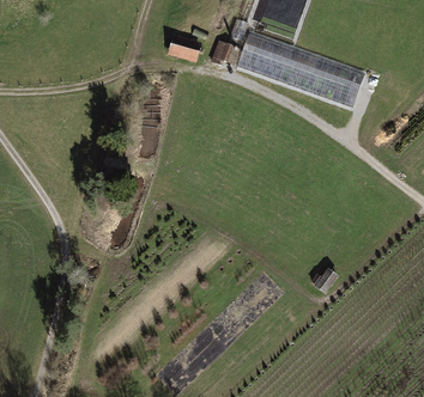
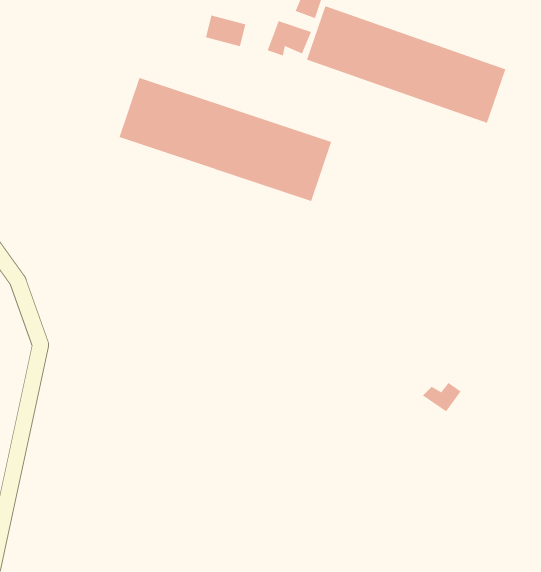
building: none -> [119,77,332,202]

